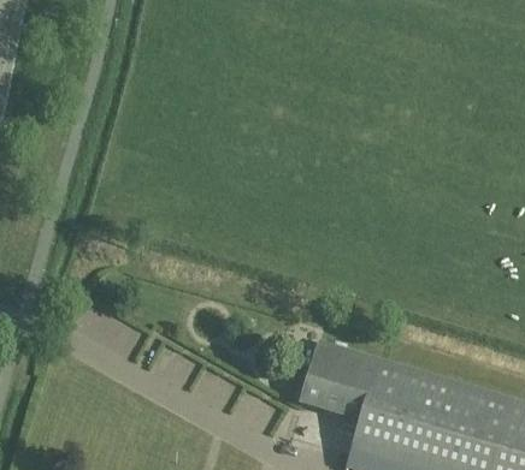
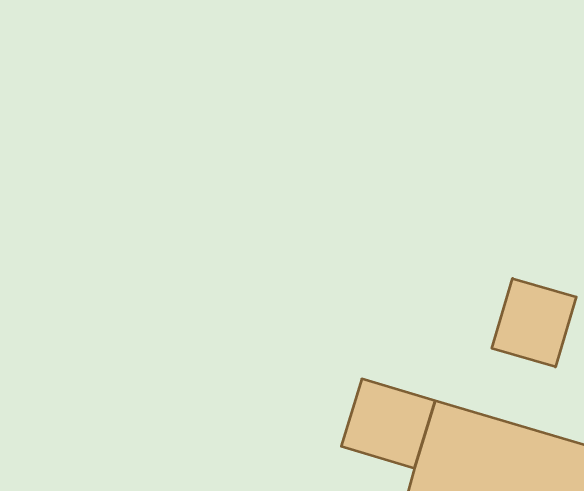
building: none -> [492,278,576,367]

